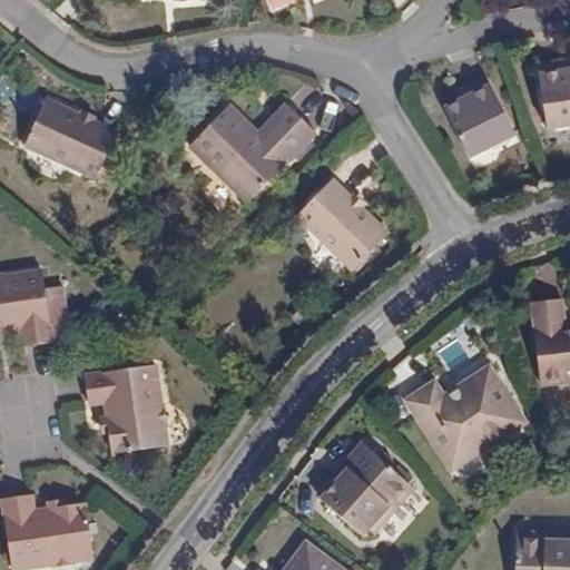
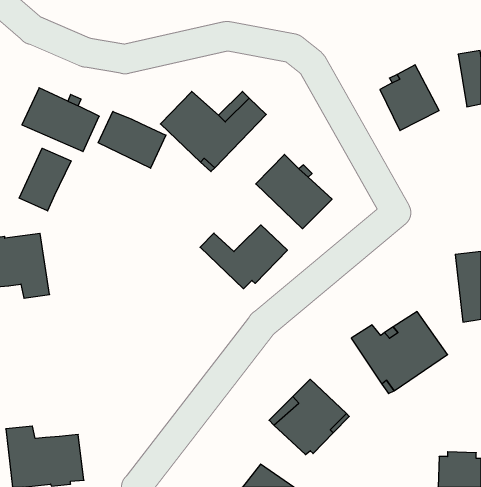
building: none -> [98,111,166,168]
building: none -> [19,148,71,211]
building: none -> [200,225,287,289]
building: [88,364,173,452] -> none

